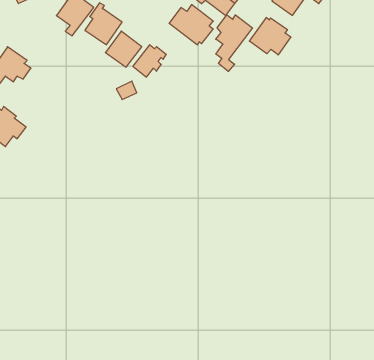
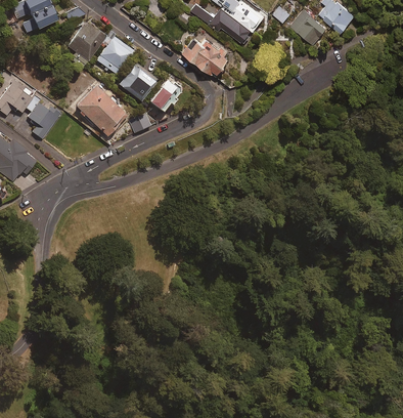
building: [216,15,253,71] -> none
building: [249,17,291,55] -> none
building: none -> [74,82,127,134]
building: none -> [29,102,58,139]

